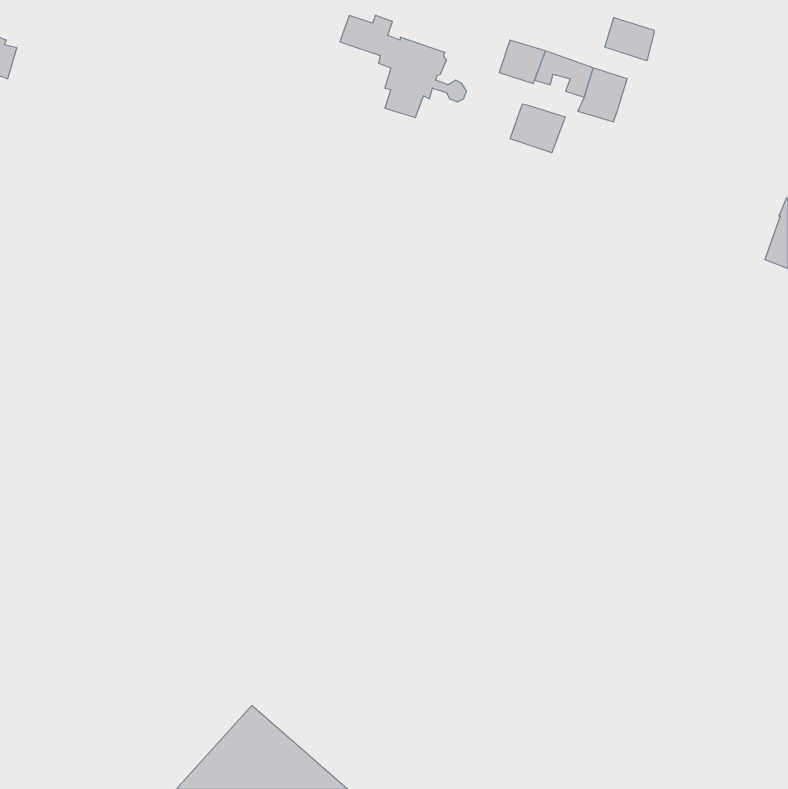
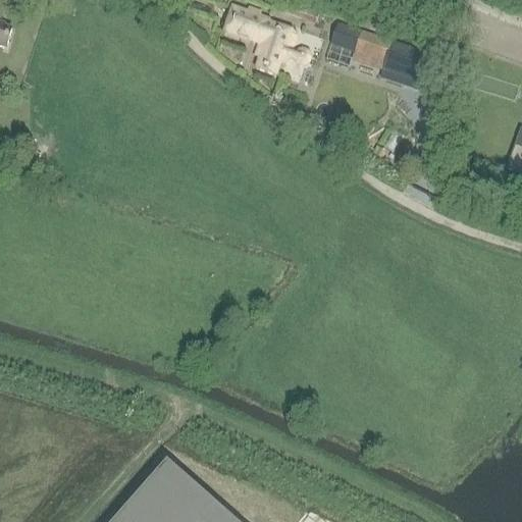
building: [605,17,654,61] -> none
building: [510,104,565,153] -> none

